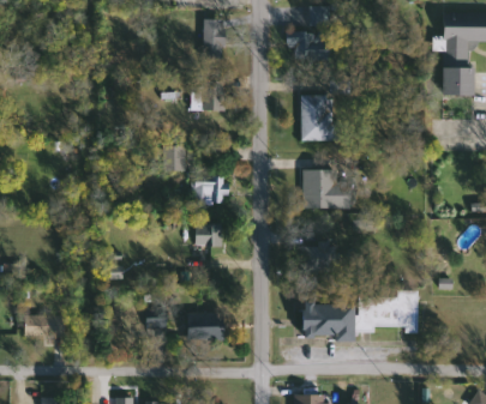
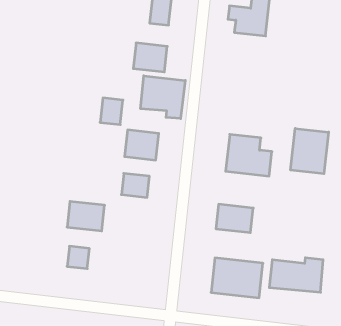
building: [301,96,336,140] -> none
building: none -> [141,76,185,119]
building: none -> [291,128,329,174]
building: [186,313,223,340] -> [67,201,105,231]

